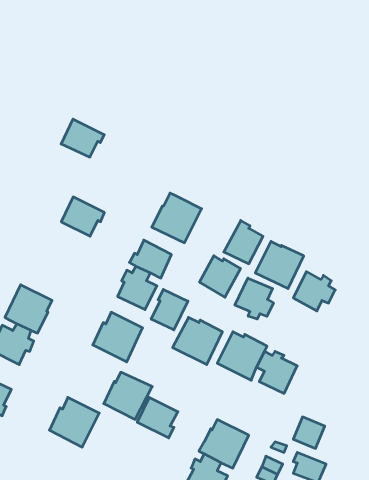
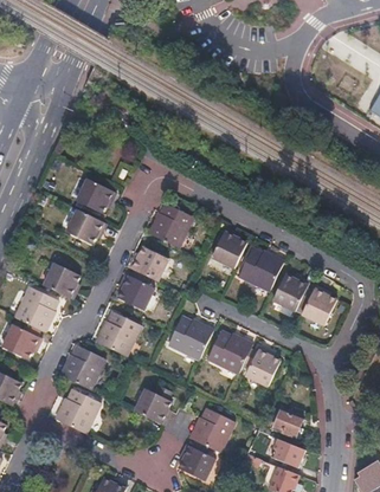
building: [61,119,104,157] -> [77,177,116,212]
building: [200,256,240,297] -> none
building: none -> [41,261,78,297]
building: [235,278,273,319] -> none
building: none -> [303,285,337,324]
building: [151,289,188,330] -> none
building: [104,372,152,419] -> [60,345,104,388]

